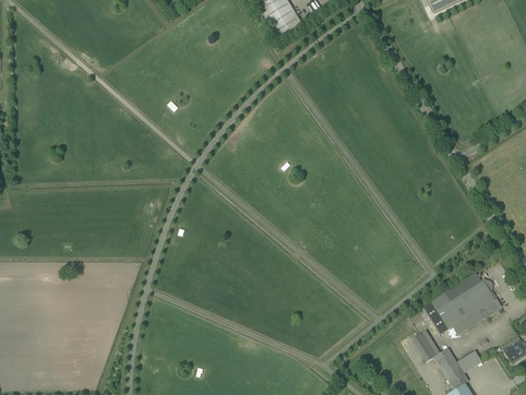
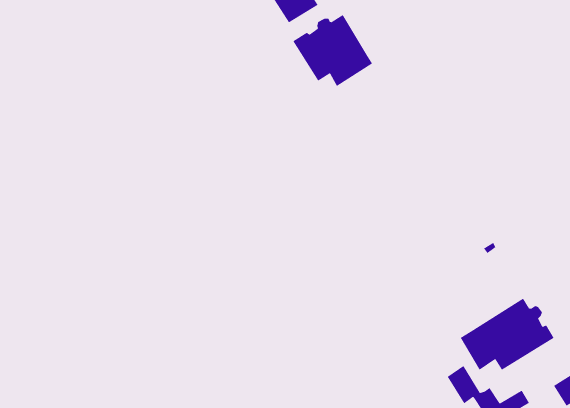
building: none -> [292,14,373,87]

